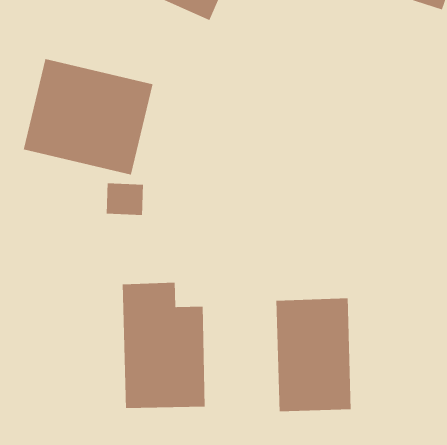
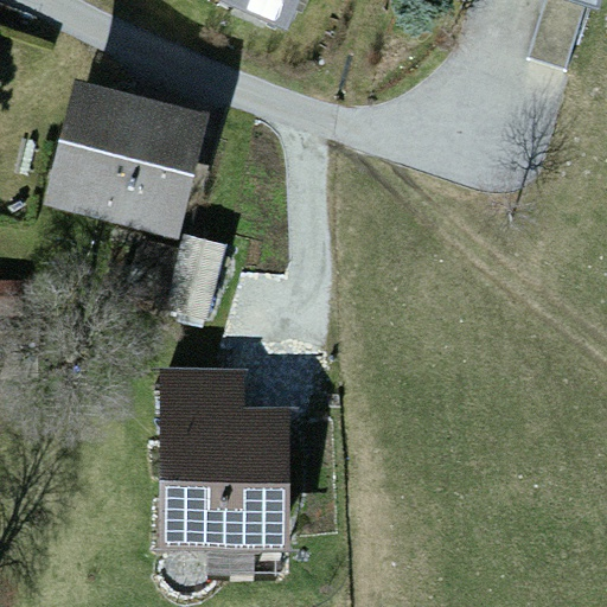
building: [276,298,352,412] -> none

